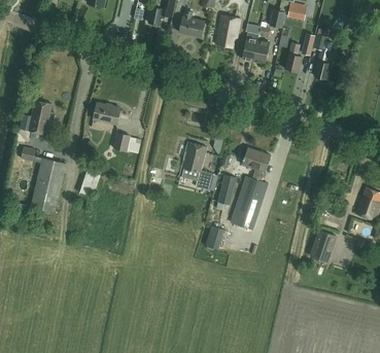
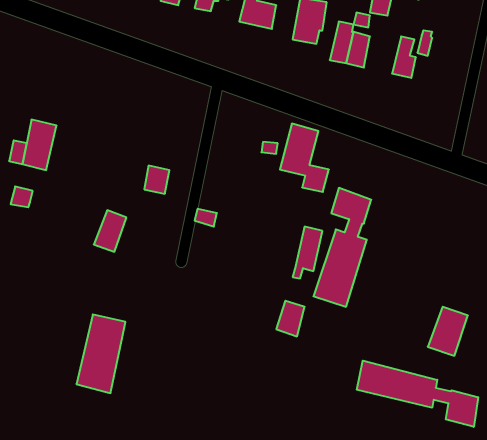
building: [313,34,334,79] -> none
building: [93,102,119,123] -> none
building: [179,142,213,189] -> [280,124,329,192]
building: [31,157,65,212] -> [76,314,125,393]
building: none -> [357,361,478,427]

